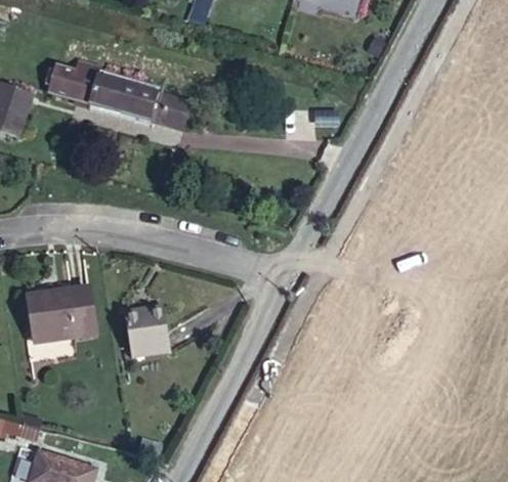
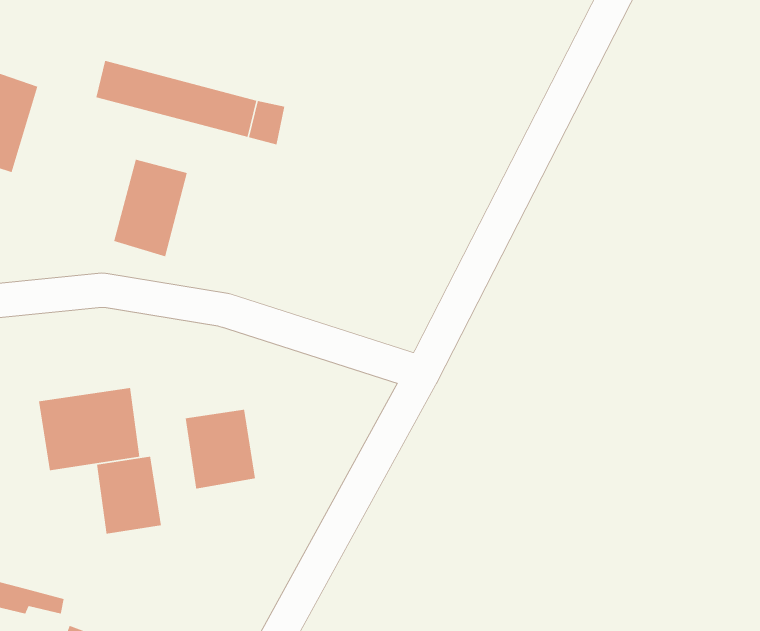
building: none -> [114,159,187,257]
building: none -> [97,456,161,535]

